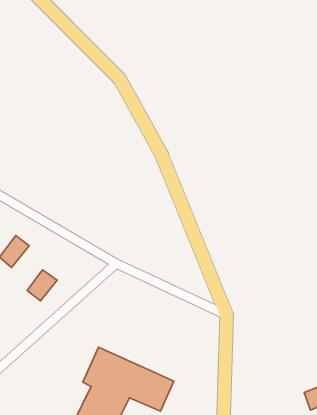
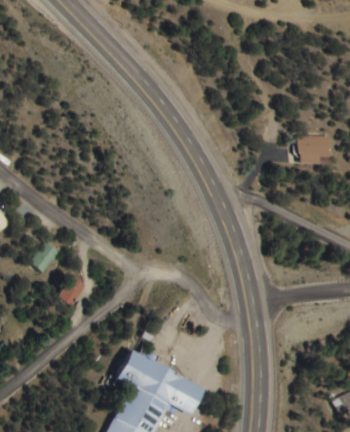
building: none -> [298,136,332,165]

